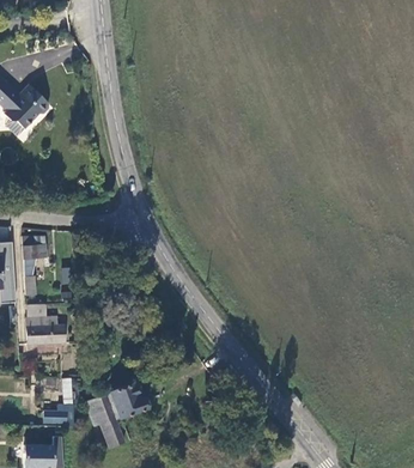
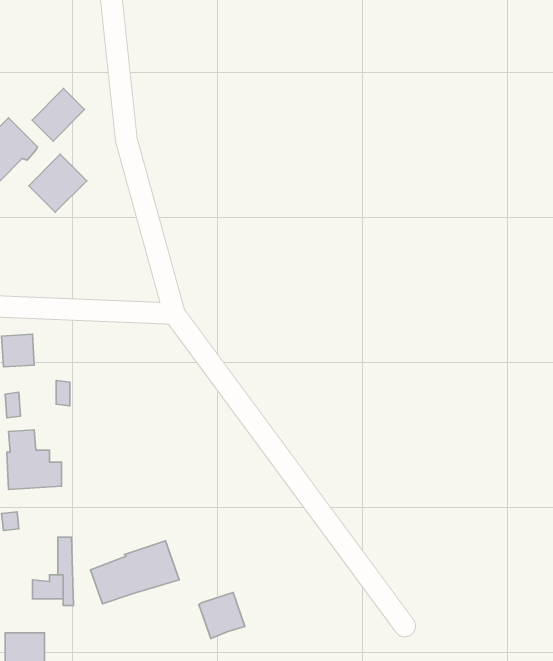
building: none -> [32,89,85,141]
building: none -> [29,154,87,212]
building: [91,418,123,450] -> [199,592,245,638]

